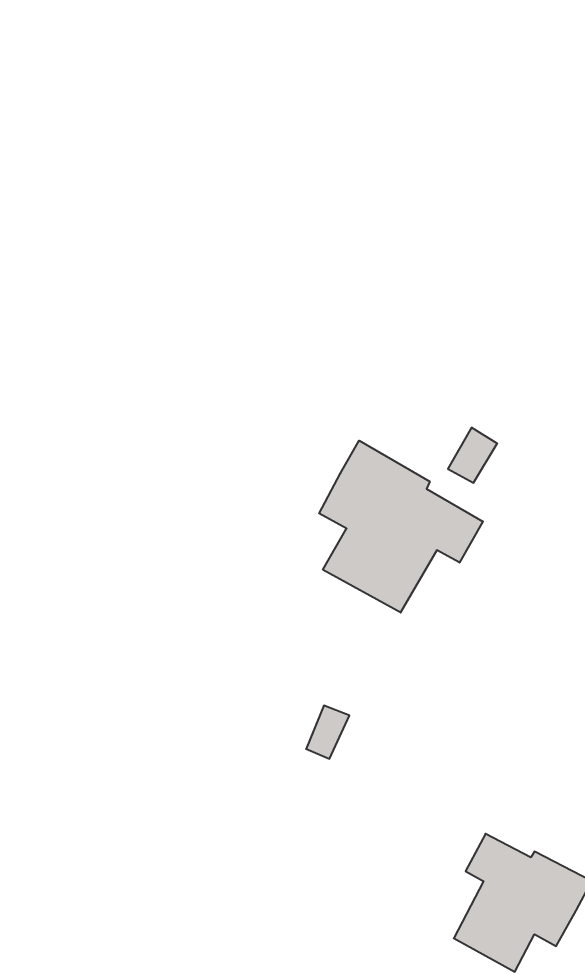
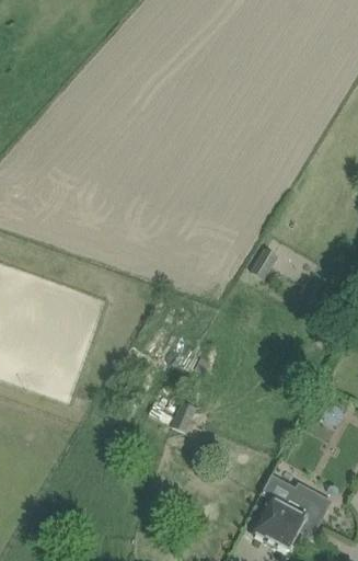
building: [319,441,483,613] -> none

